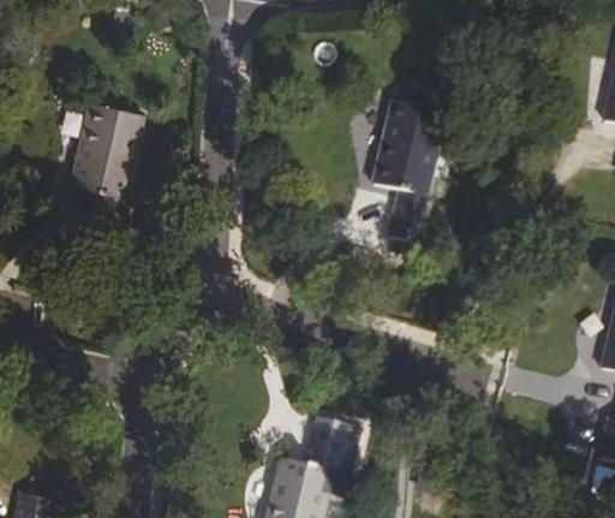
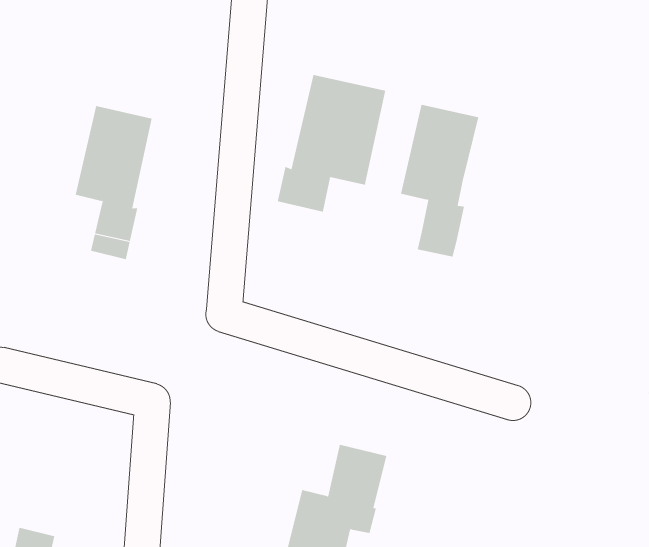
building: none -> [277,74,386,213]

